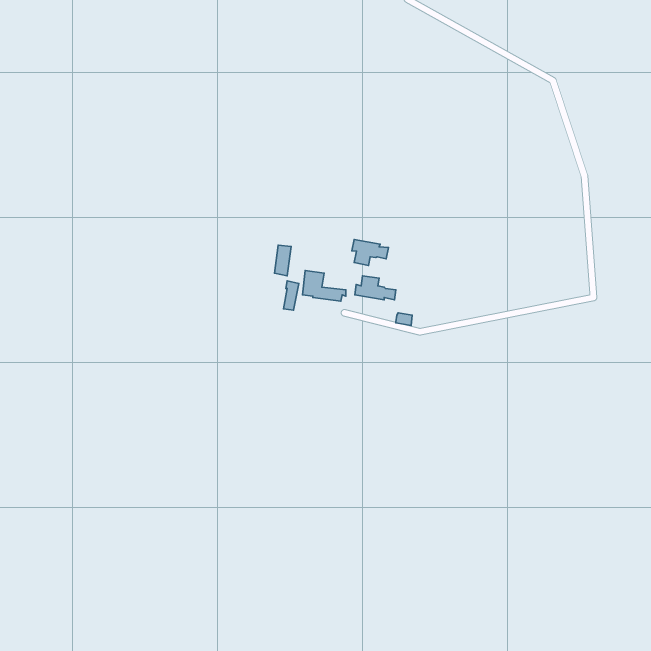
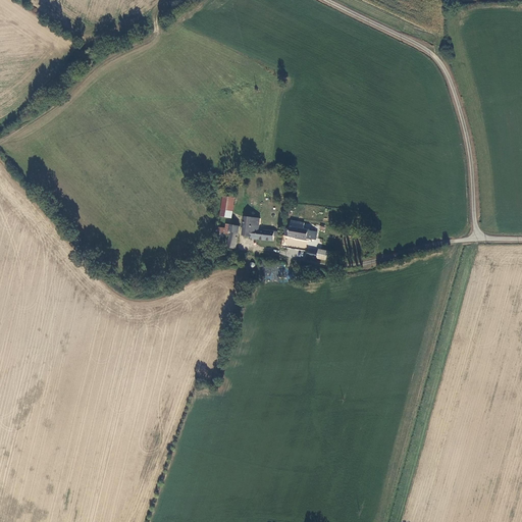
building: [352,240,388,265] -> none

